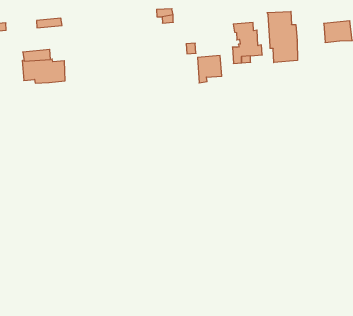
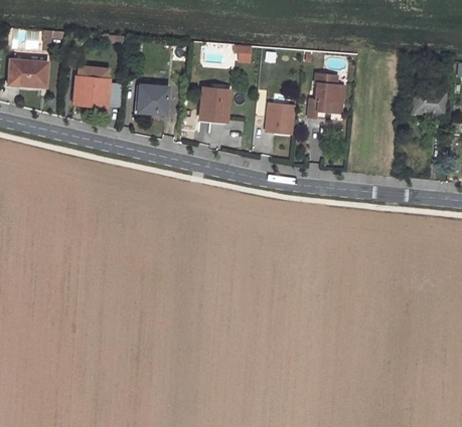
building: [267,11,297,63] -> none
building: none -> [199,87,228,119]
building: none -> [137,84,167,115]

